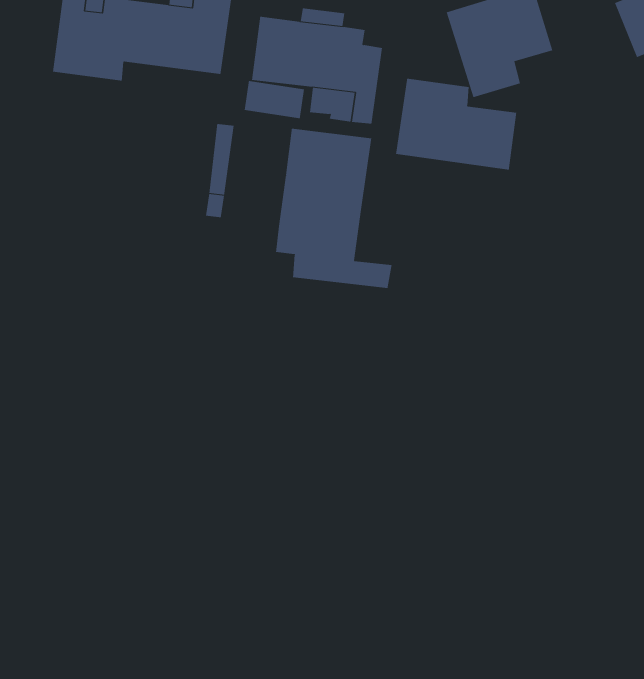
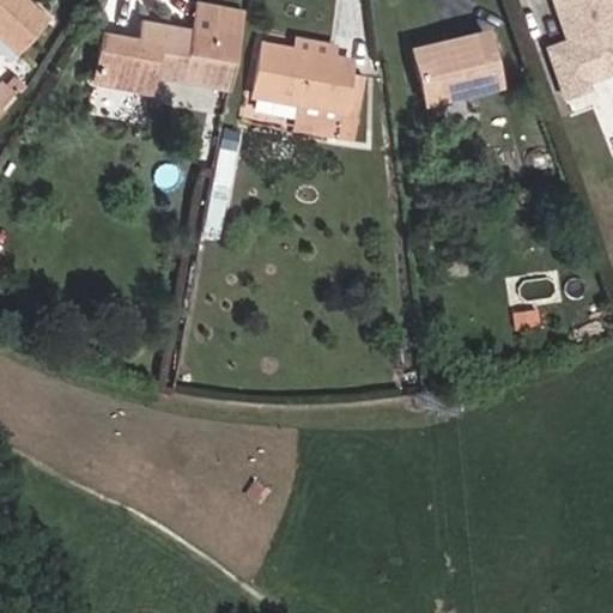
building: [396,78,517,170] -> none
building: [275,128,392,289] -> none

